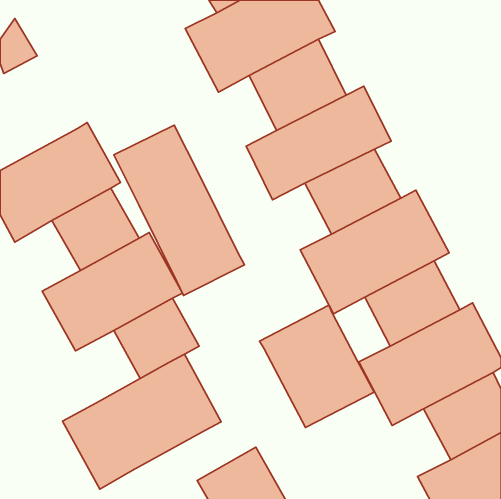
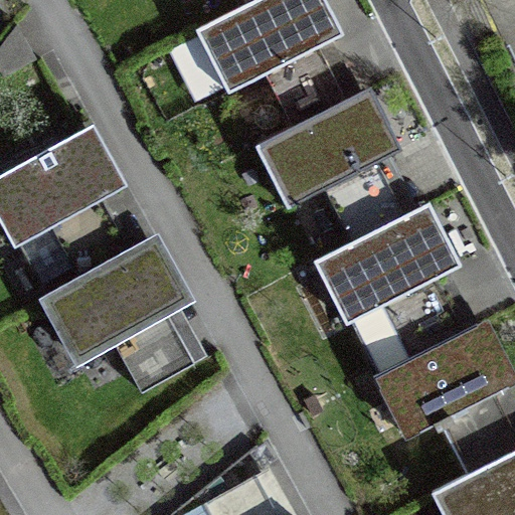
building: [114,125,244,295] -> none
building: [260,305,374,427] -> none
building: [62,354,221,489] -> none

